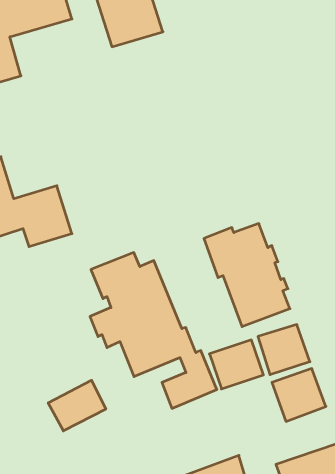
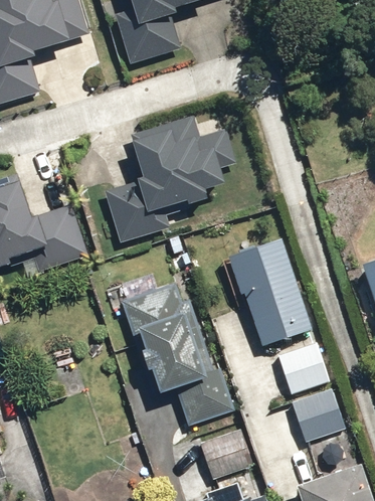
building: none -> [105,114,235,240]
building: [209,340,263,389] -> [201,429,255,478]
building: [48,380,106,431] -> none

